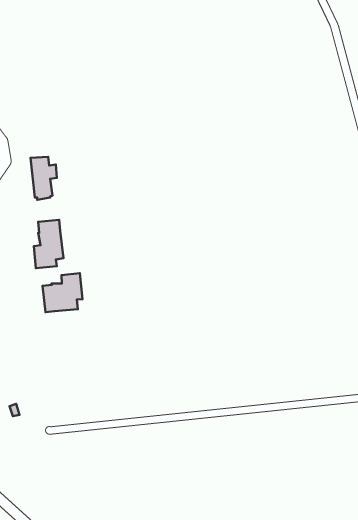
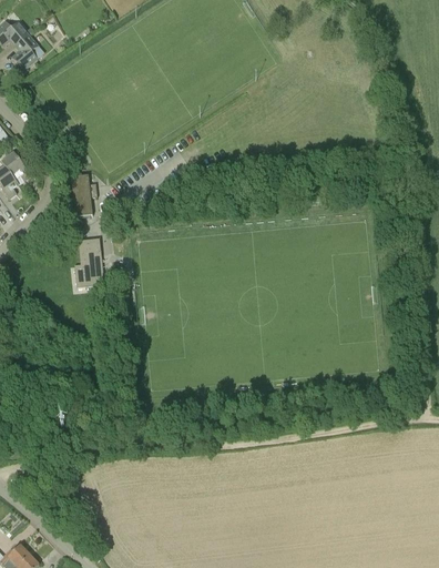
building: [43,273,83,312] -> none

